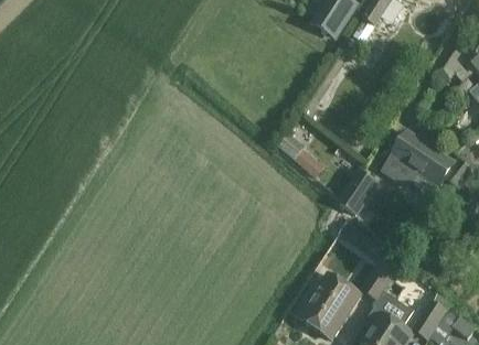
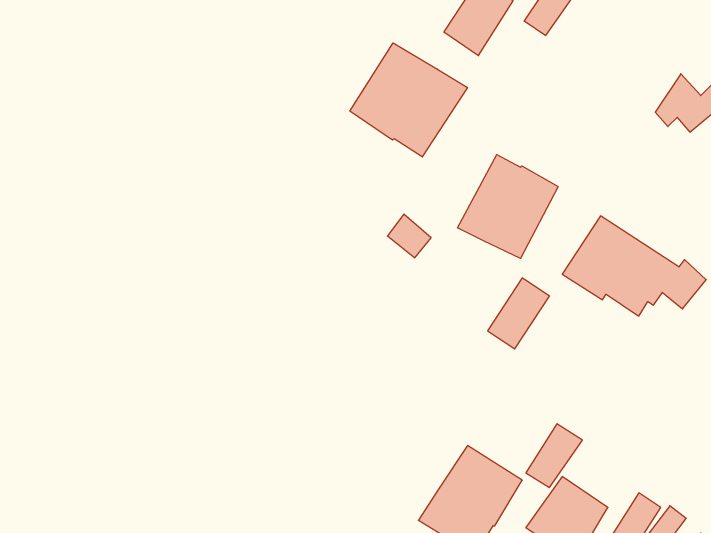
building: none -> [350,43,467,157]
building: none -> [458,155,558,258]

